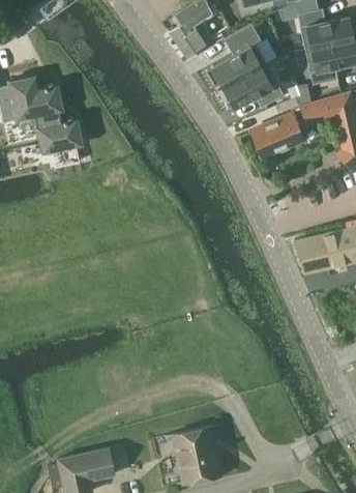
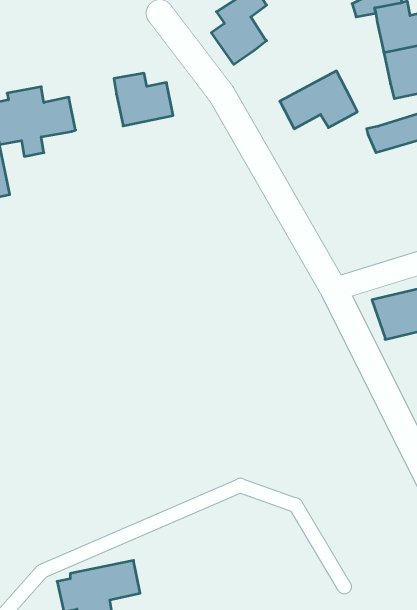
building: [211,23,268,87] -> none
building: [36,111,83,152] -> [114,73,173,126]
building: [251,113,304,156] -> none
building: [173,426,221,483] -> none

